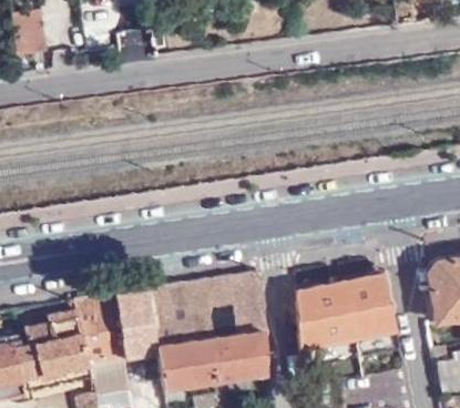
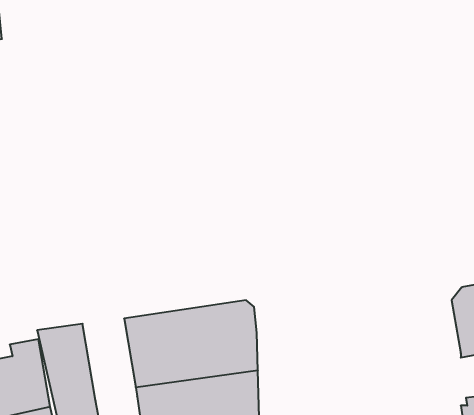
building: [296,276,395,366] -> none
building: [114,292,161,361] -> none

